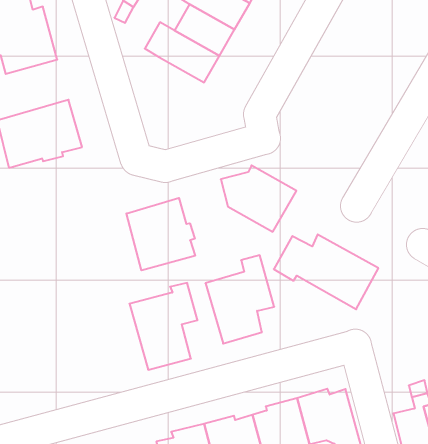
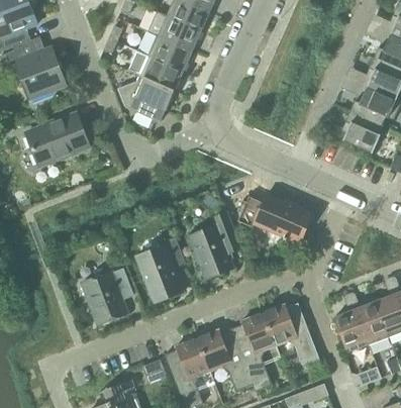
building: [221,165,296,232] -> [118,76,174,122]
building: [126,198,195,270] -> none
building: none -> [82,269,133,324]

